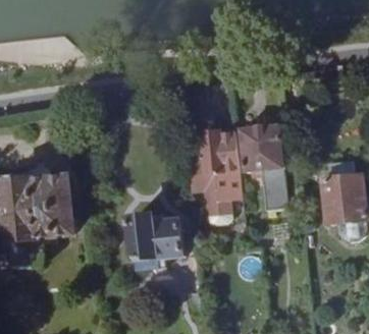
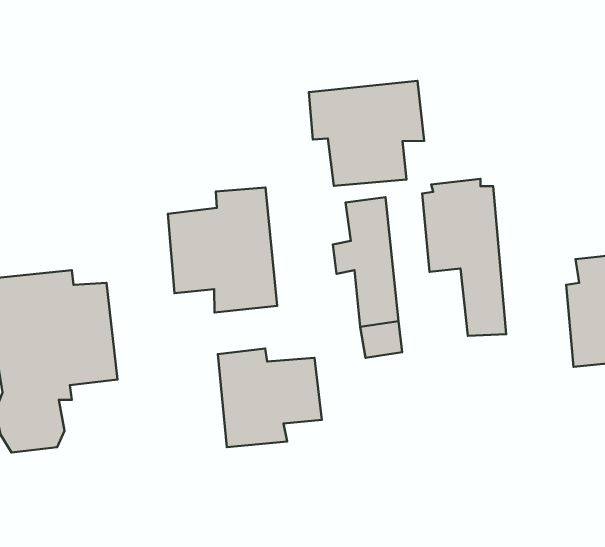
building: none -> [309,81,424,186]
building: none -> [168,188,277,313]

